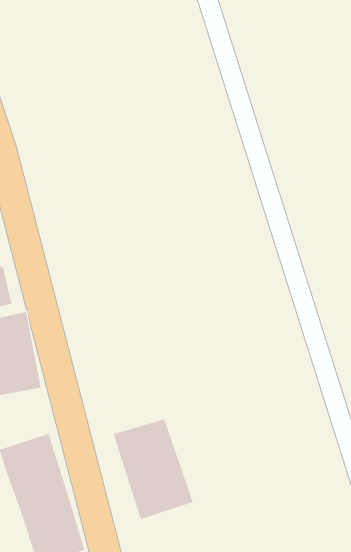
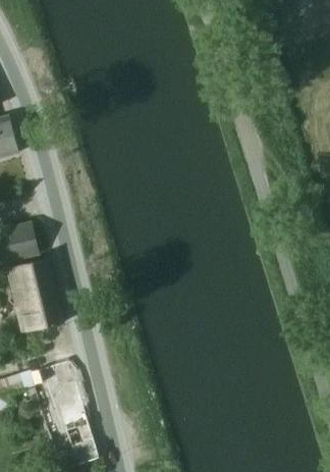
building: [113,418,194,520] -> none

